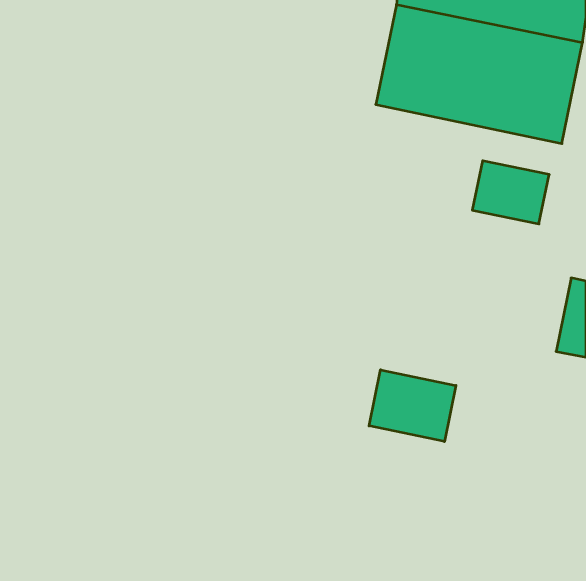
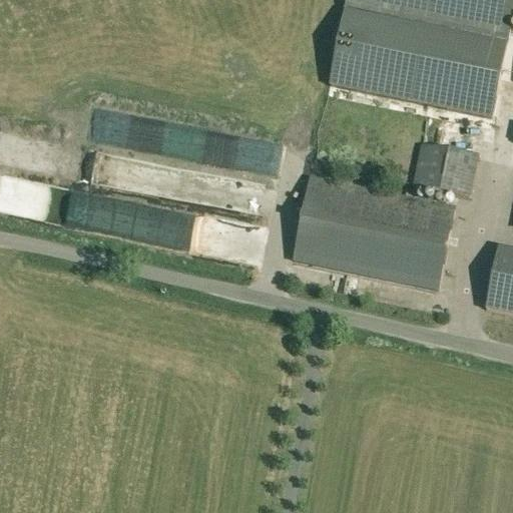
building: none -> [293,174,454,287]
building: [369,370,456,442] -> none

